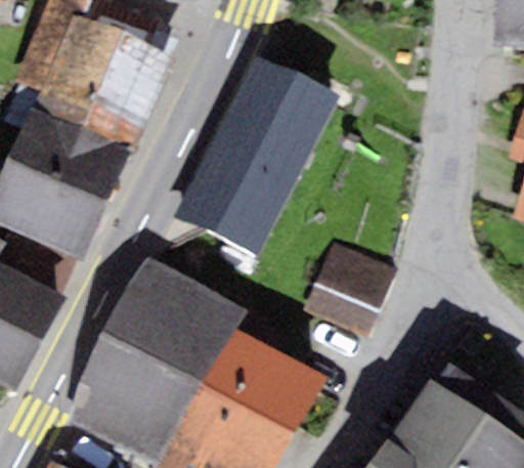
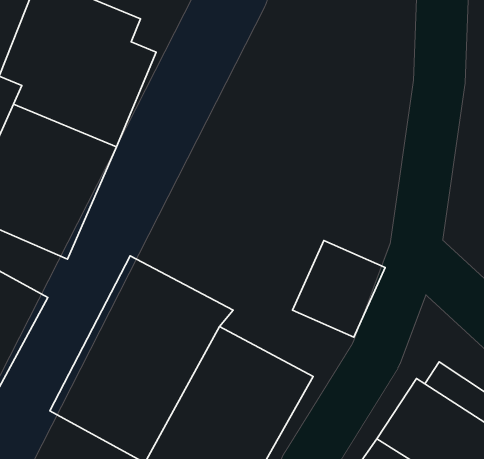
building: [174,53,338,255] -> none

